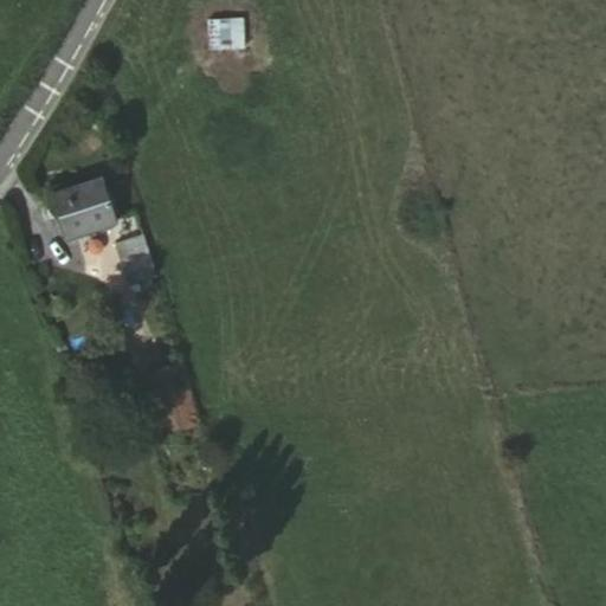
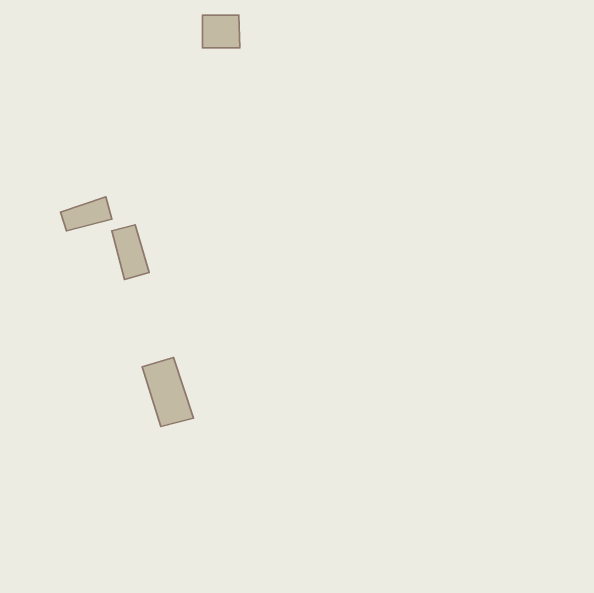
building: [56,180,109,218] -> none

